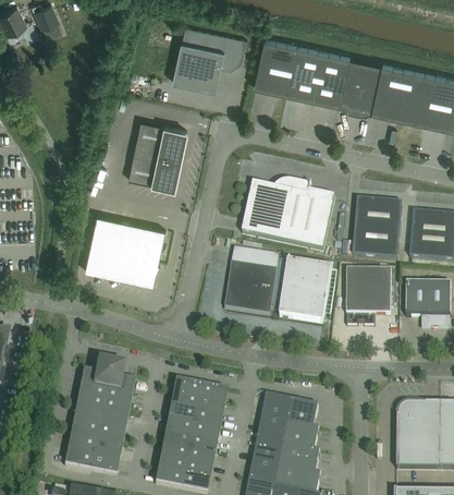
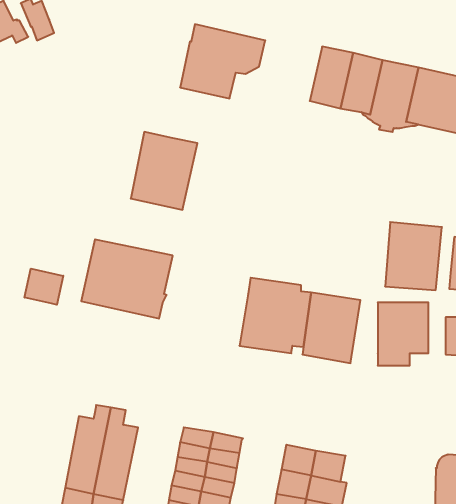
building: [254,35,297,89] -> none
building: [242,178,335,249] -> none
building: none -> [25,269,63,305]

